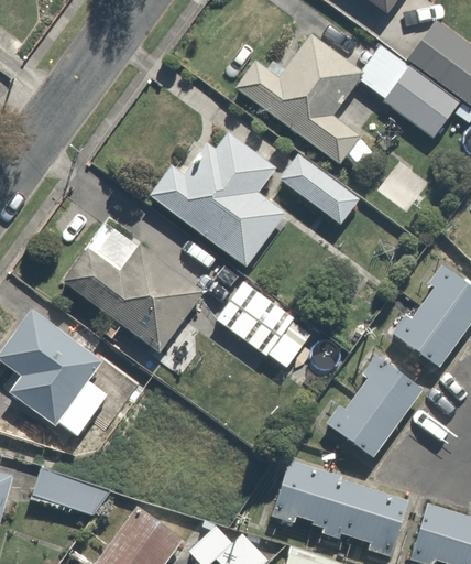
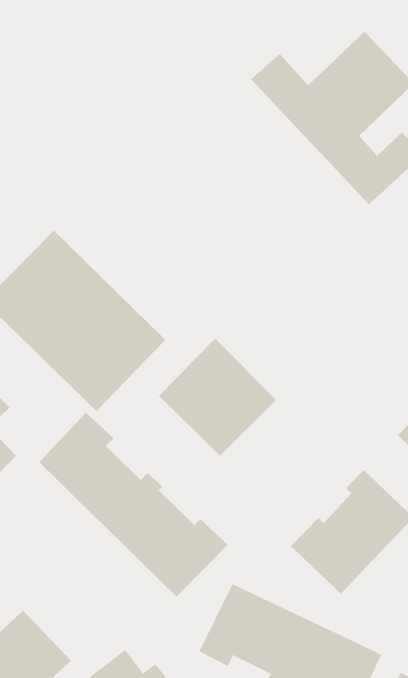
building: [147,130,293,272] -> none
building: [278,154,355,224] -> none
building: none -> [39,412,229,598]

